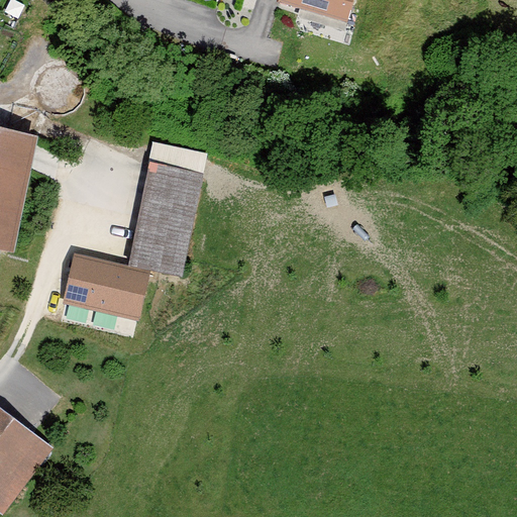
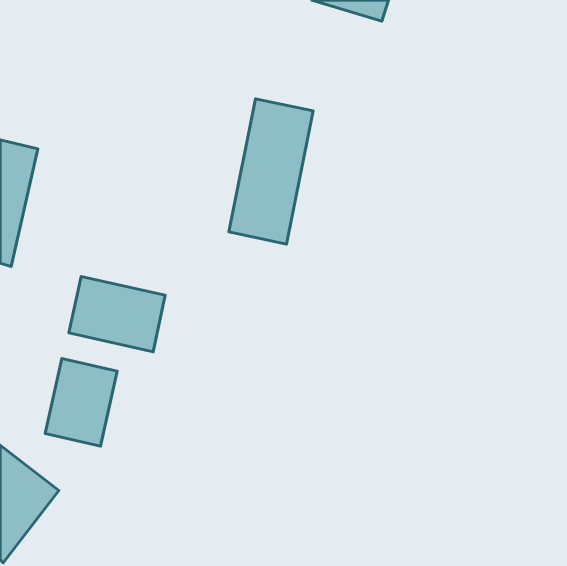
building: [129,142,206,275] -> [229,99,313,244]
building: none -> [45,358,117,446]

